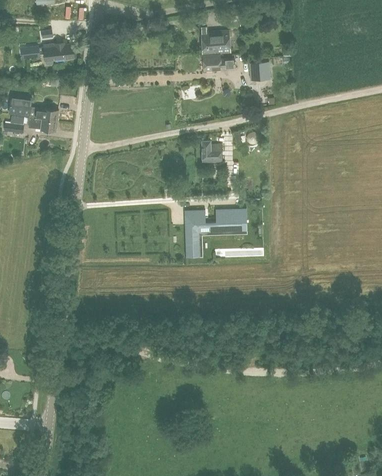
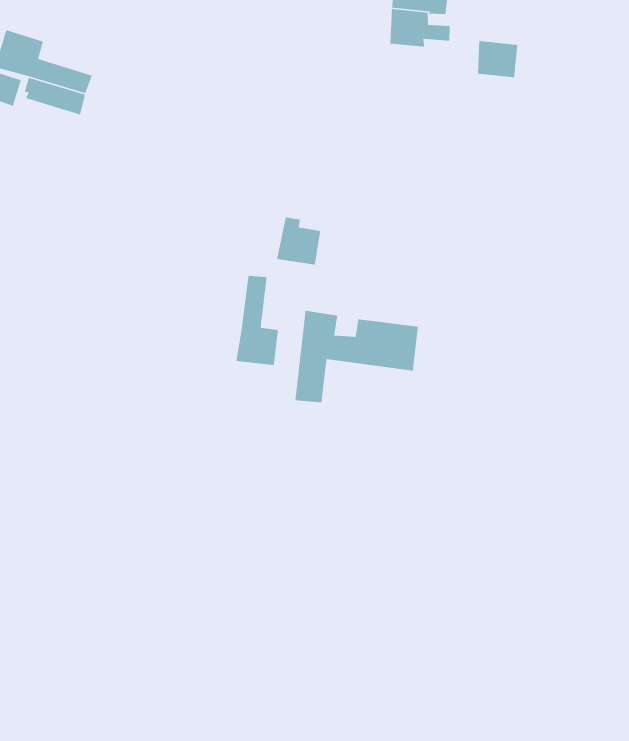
building: [201,140,221,162] -> [276,217,321,266]
building: none -> [236,275,279,366]

